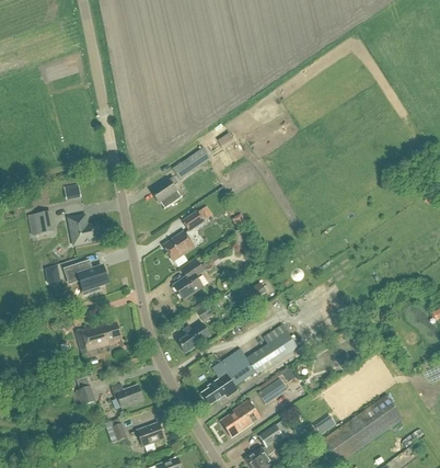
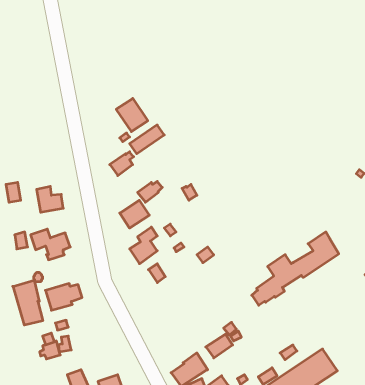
building: none -> [116,98,148,132]
building: none -> [13,280,43,325]
building: [175,323,209,352] -> none
building: [200,323,297,404] -> [252,232,339,305]
building: [112,384,143,408] -> none

